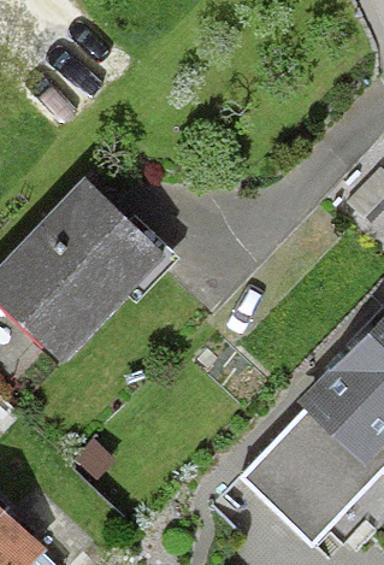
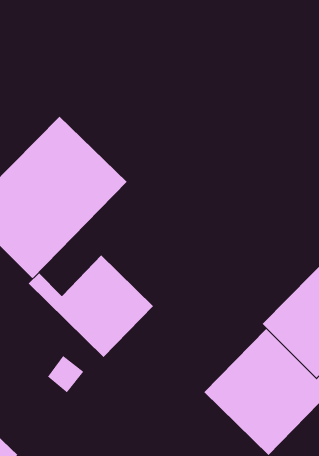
building: none -> [28,255,154,358]

